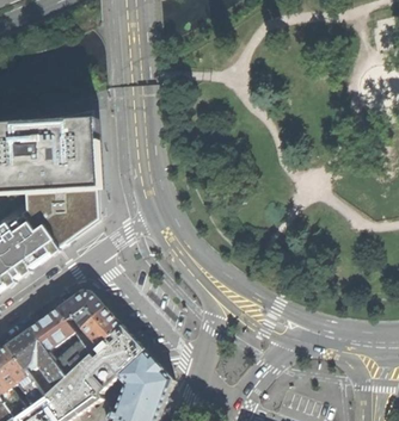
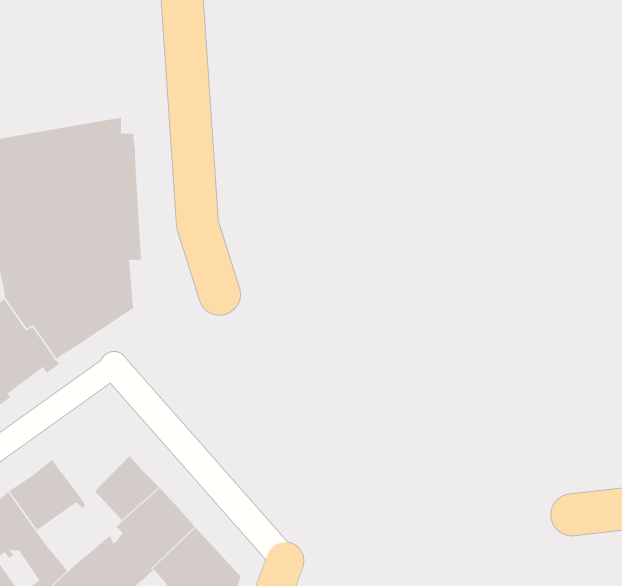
building: [55,291,102,329] -> none
building: [53,339,90,376] -> none

